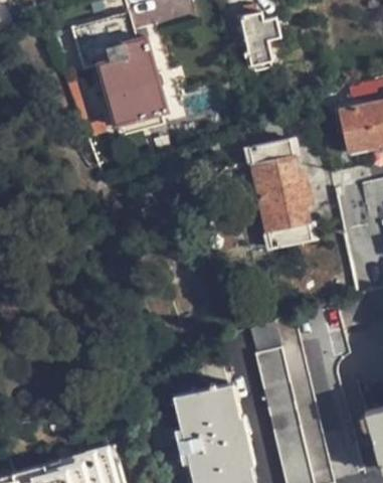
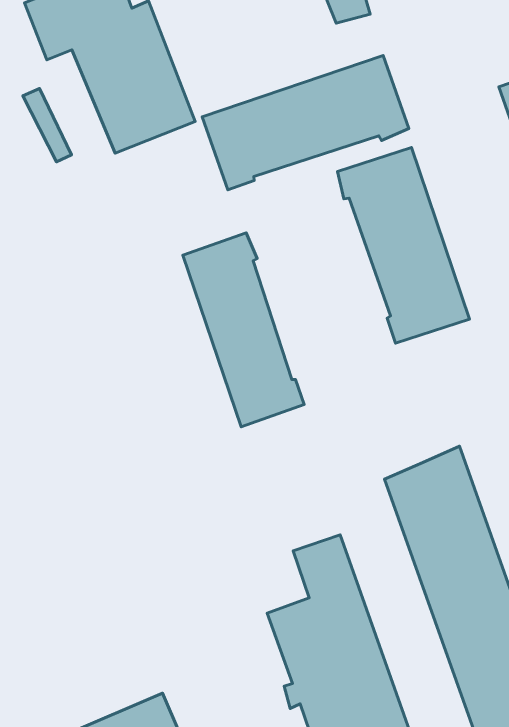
building: none -> [202,56,409,190]
building: none -> [183,233,304,427]

